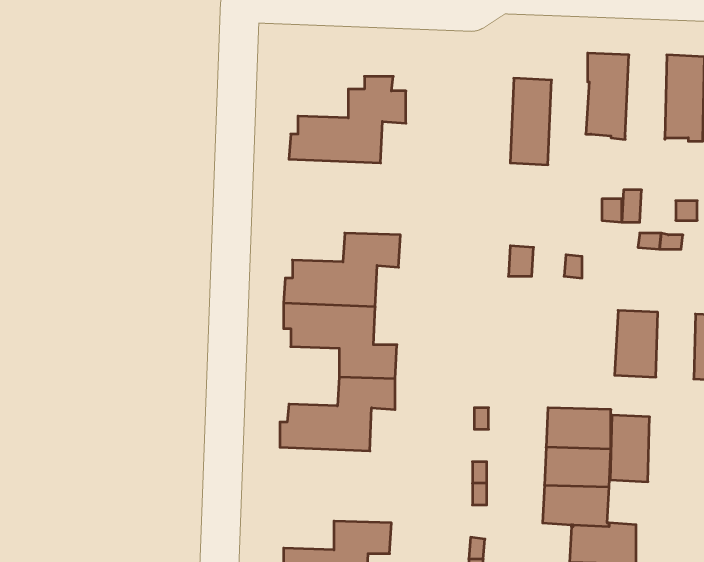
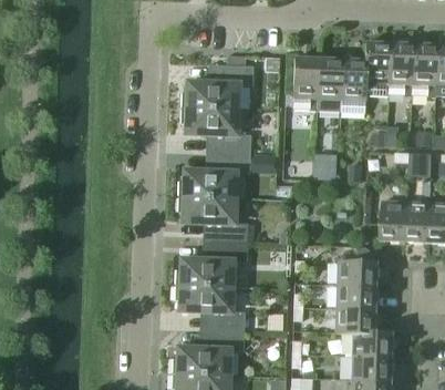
building: none -> [389,42,414,94]
building: none -> [293,57,320,109]
building: none -> [341,58,368,111]
building: none -> [182,106,251,153]
building: [610,415,650,482] -> [407,201,432,242]
building: none -> [175,284,245,330]

